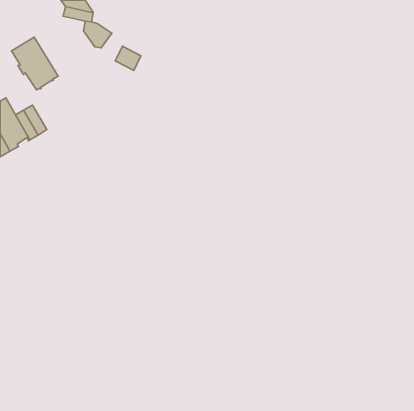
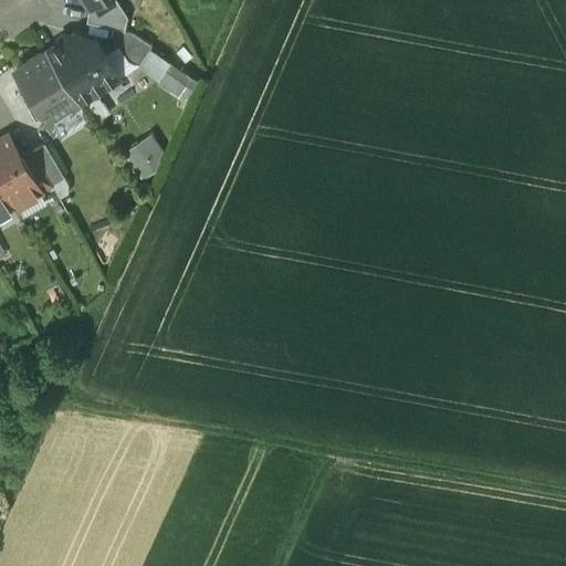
building: none -> [46,35,122,107]
building: none -> [122,133,169,179]

